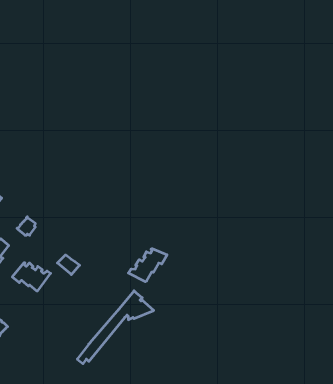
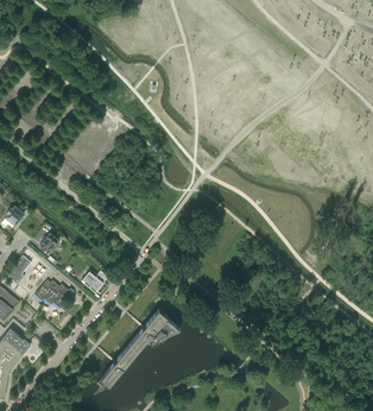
building: [128,249,167,282] -> none

